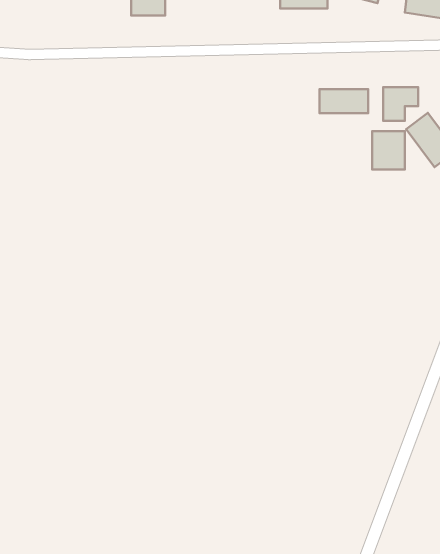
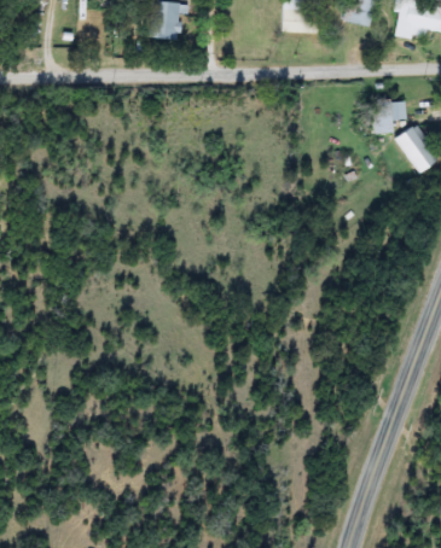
building: [320,89,368,113] -> none
building: [372,131,405,169] -> none

